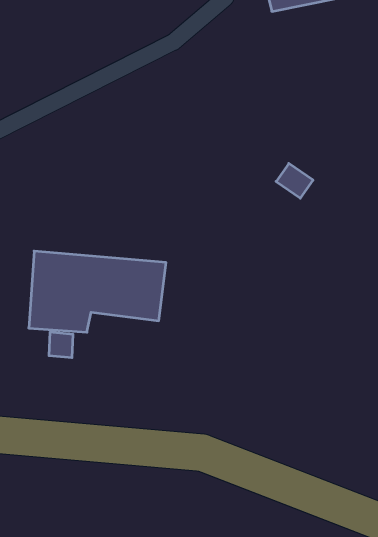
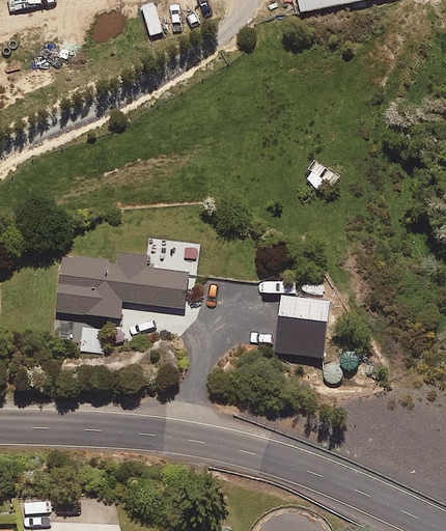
building: none -> [270,291,327,357]

